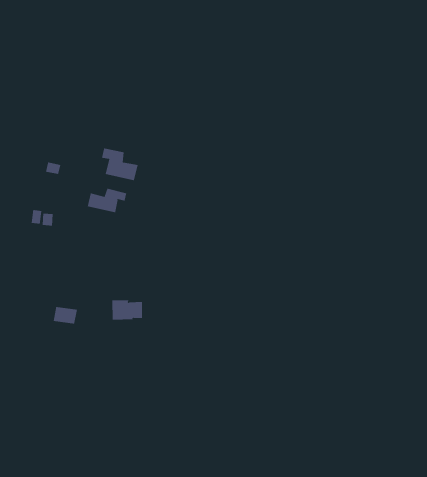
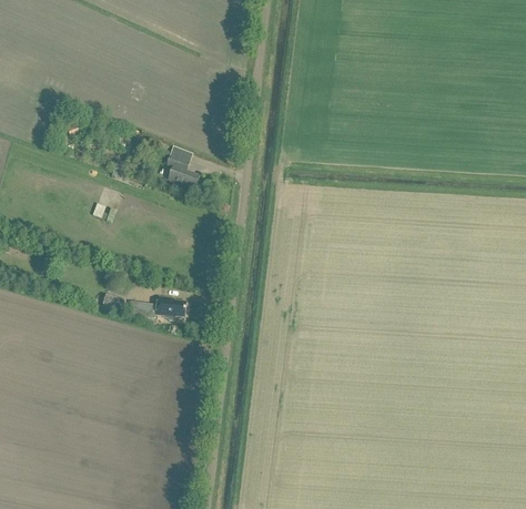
building: [87,188,127,213] -> none

